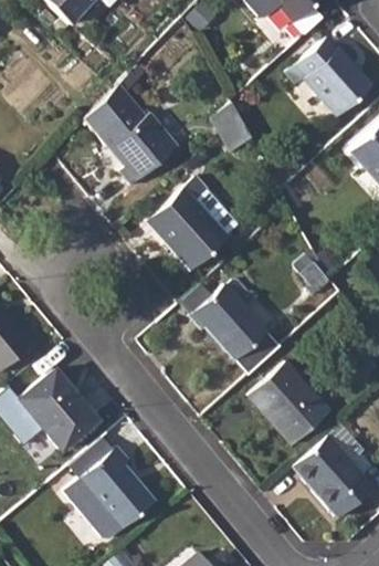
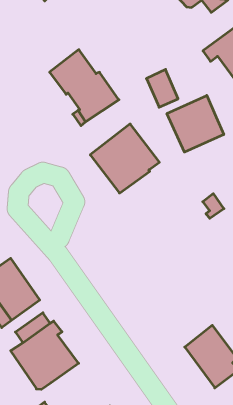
building: none -> [167,95,224,152]
building: [191,277,270,360] -> none
building: [250,363,331,447] -> none

